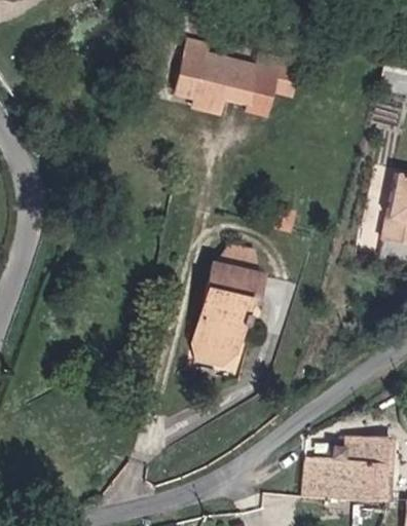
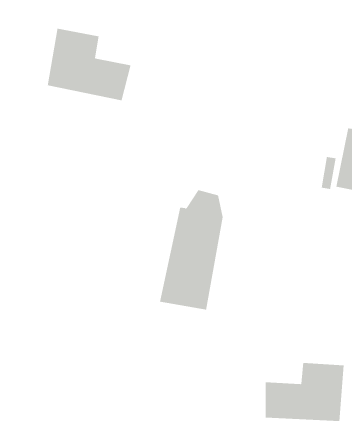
building: [176,38,304,117] -> none
building: none -> [47,28,131,101]

